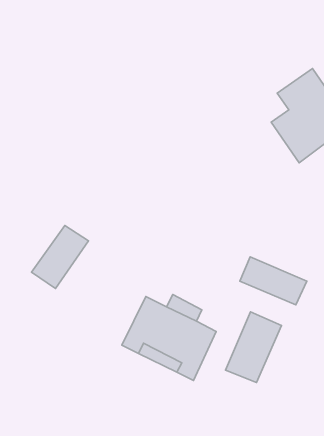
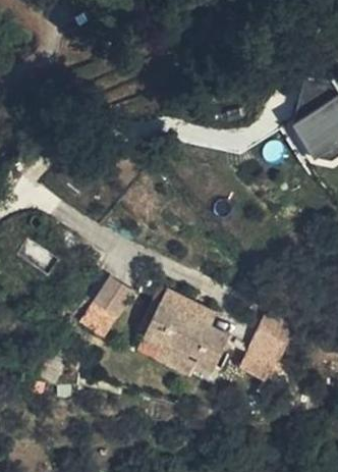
building: [32,225,89,289] -> [77,276,133,338]
building: [240,257,307,305] -> none

